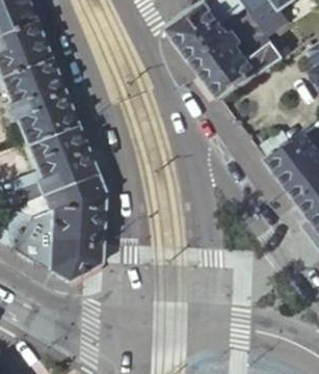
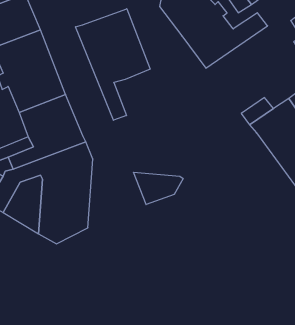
building: none -> [76,9,150,120]
building: none -> [134,172,183,205]

